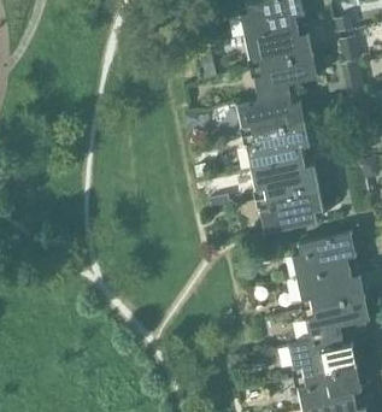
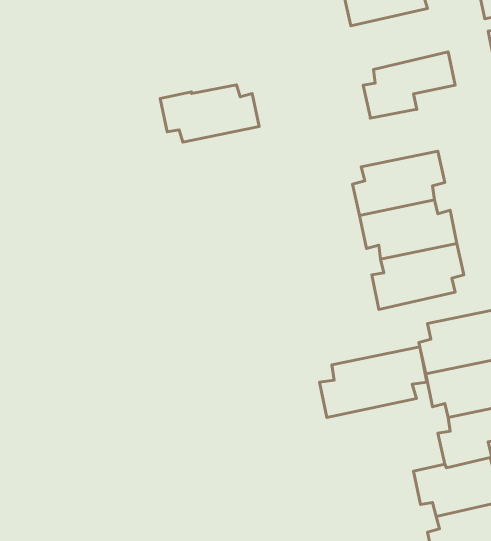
building: [245,27,312,69] -> none
building: [236,96,305,136] -> [160,85,259,142]
building: none -> [320,347,427,417]

